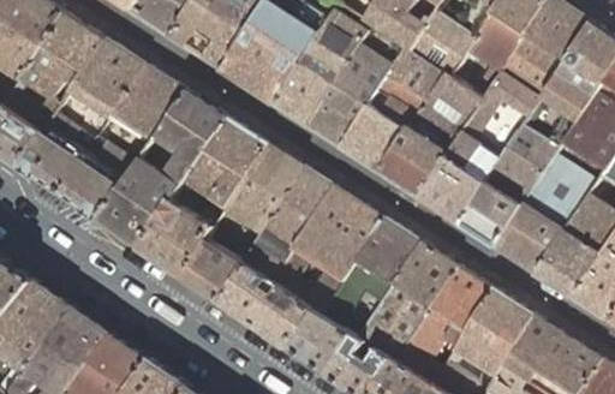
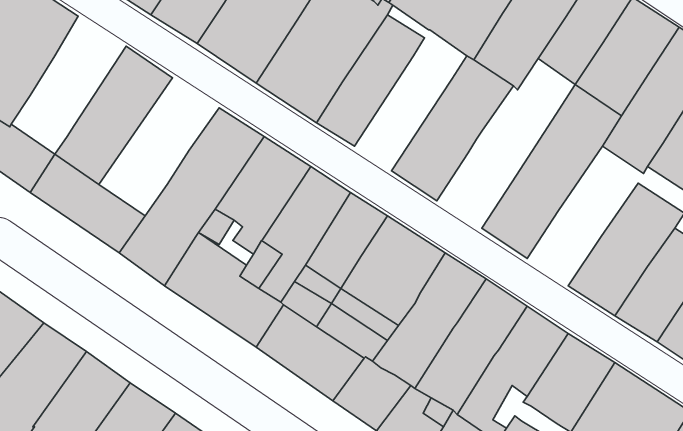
building: [11,16,112,137] -> none
building: [312,28,411,151] -> none
building: [88,70,193,191] -> none
building: [384,77,489,202] -> none
building: [464,130,566,252] -> none

